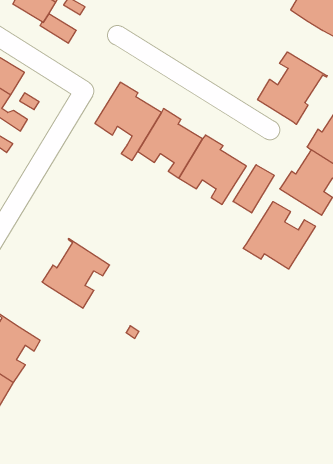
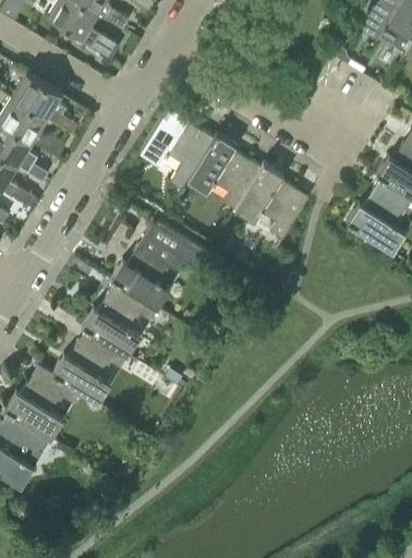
building: [258,52,327,124] -> none
building: [233,165,274,213] -> none
building: none -> [111,223,205,308]
building: [243,202,315,269] -> none
building: none -> [52,330,128,412]

